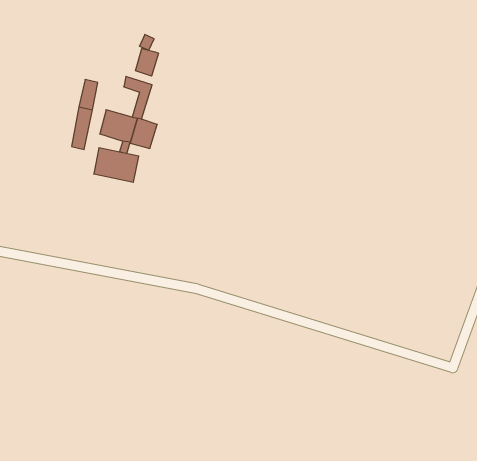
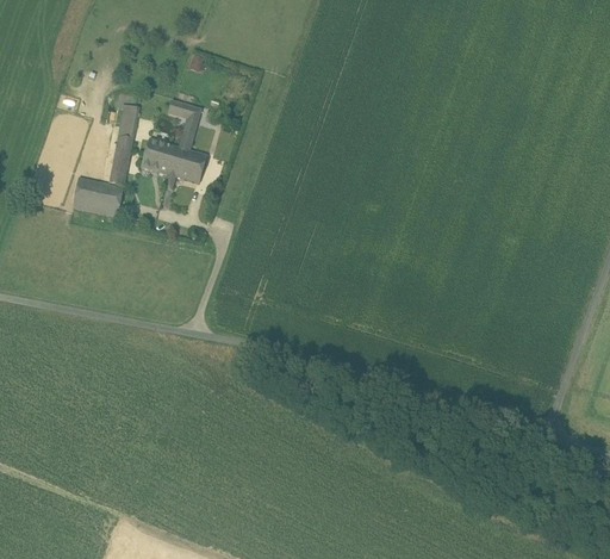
building: [135,48,158,76] -> none
building: [94,148,139,182] -> [71,176,123,216]

